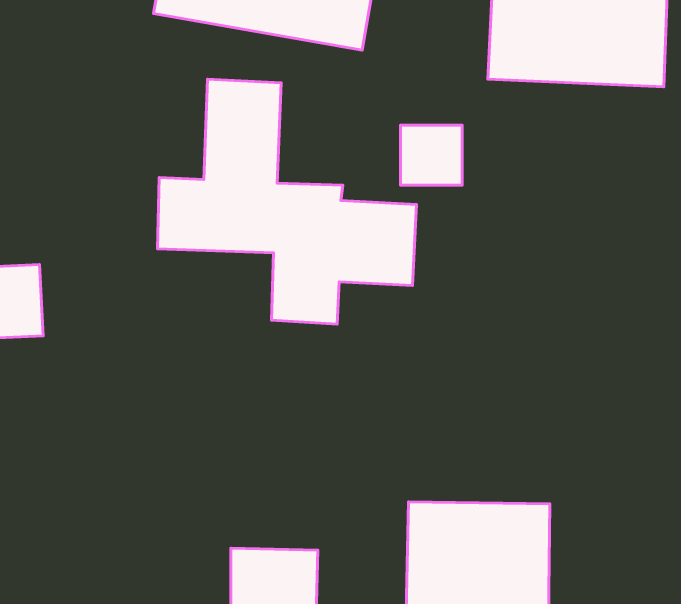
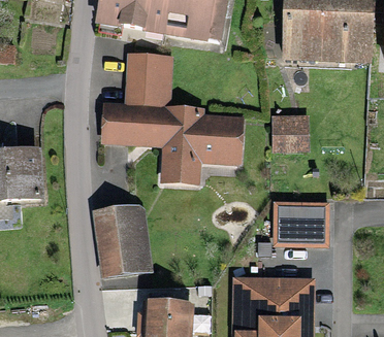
building: [400,125,462,185] -> [274,117,307,149]
building: none -> [277,205,324,242]
building: none -> [92,207,150,276]

